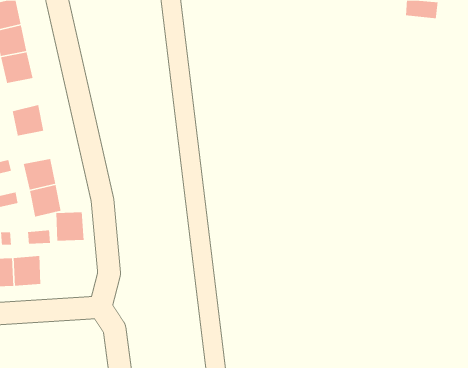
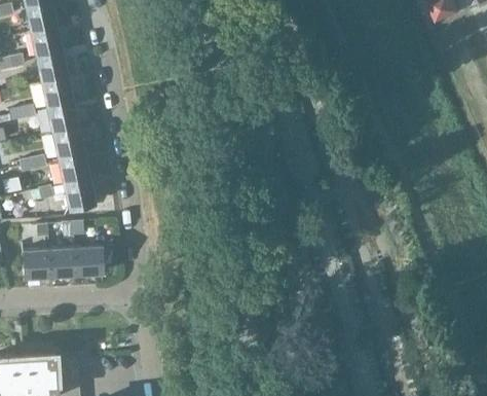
building: none -> [43,78,74,109]
building: none -> [53,129,85,159]
building: [55,211,85,242] -> [75,246,103,275]

